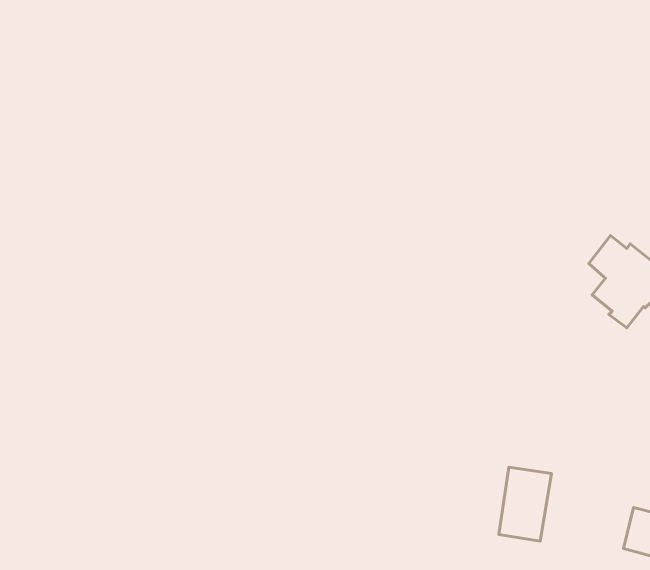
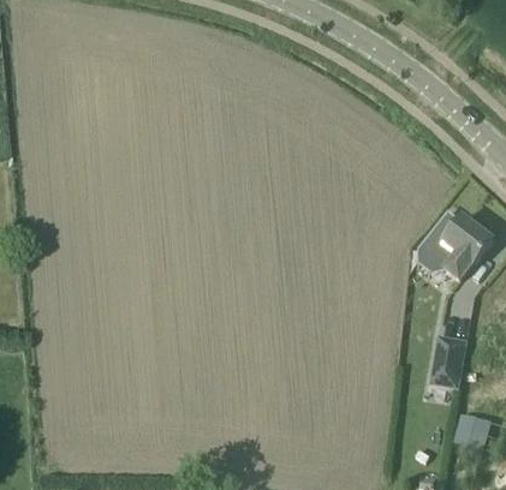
building: [499,467,552,541] -> [429,336,468,390]

